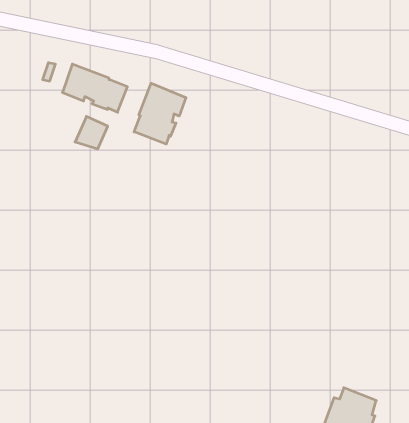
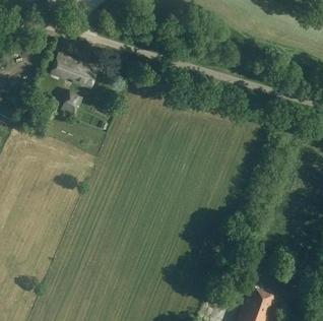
building: [134,83,186,144] -> none

